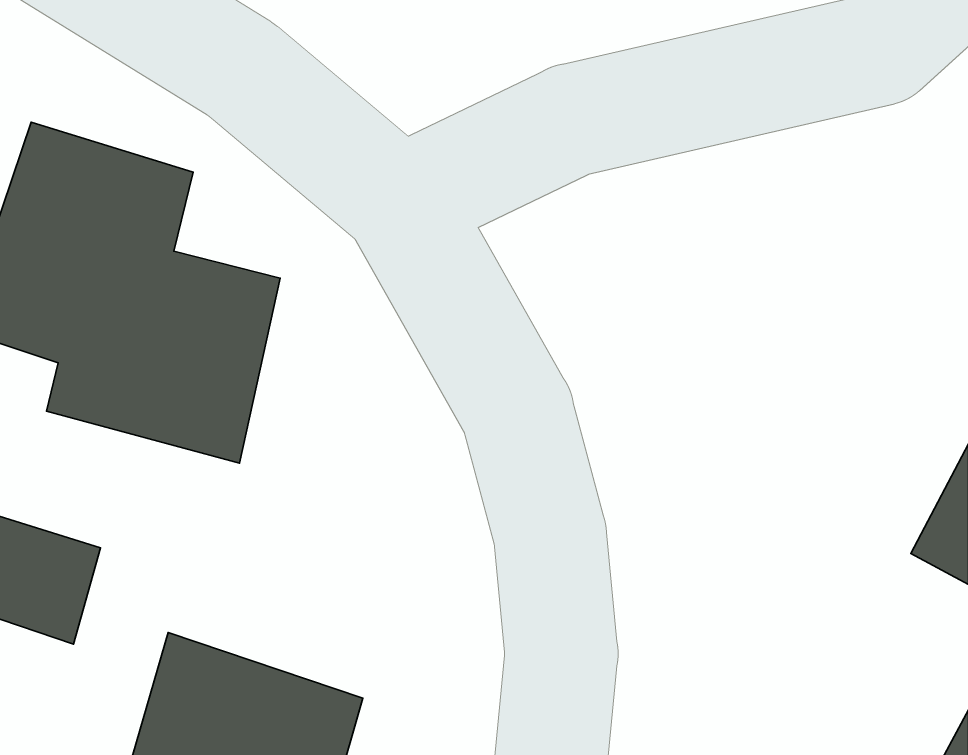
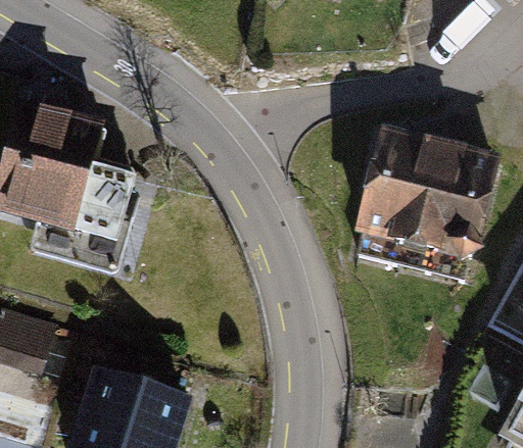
building: none -> [350,129,502,279]

